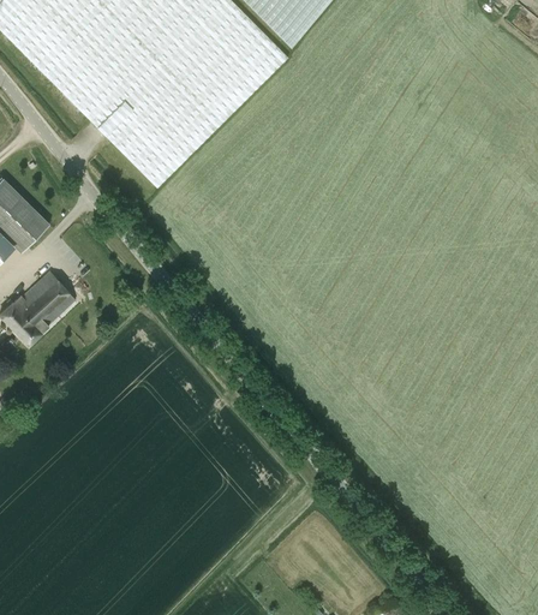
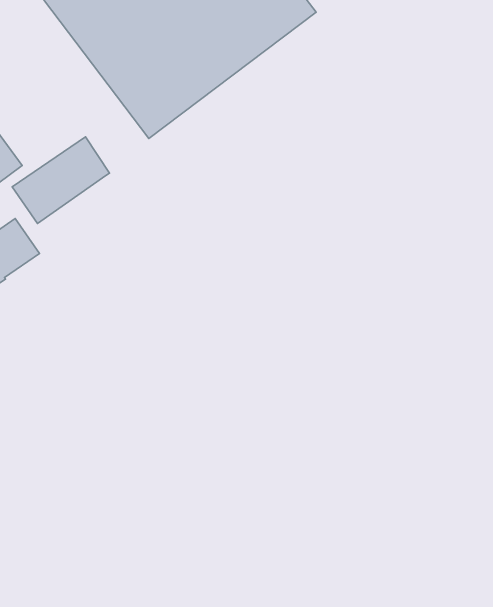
building: none -> [12,137,110,223]

